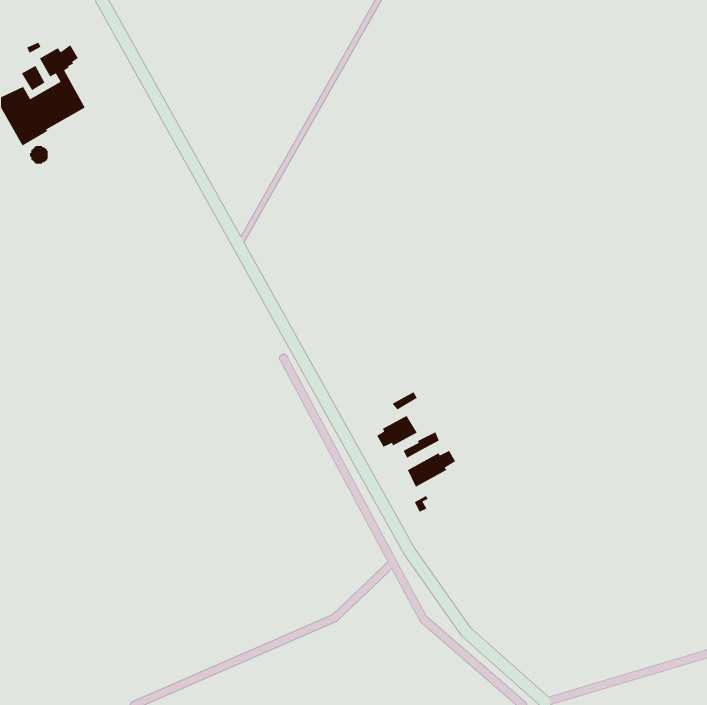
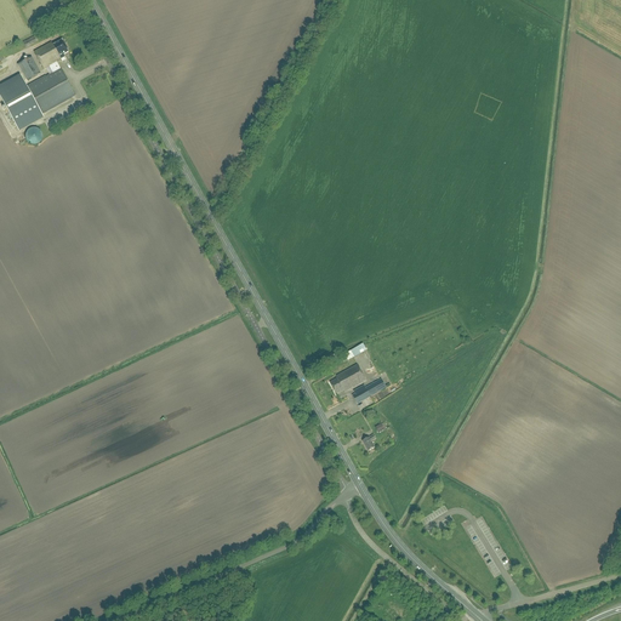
building: [407,450,456,488] -> none

